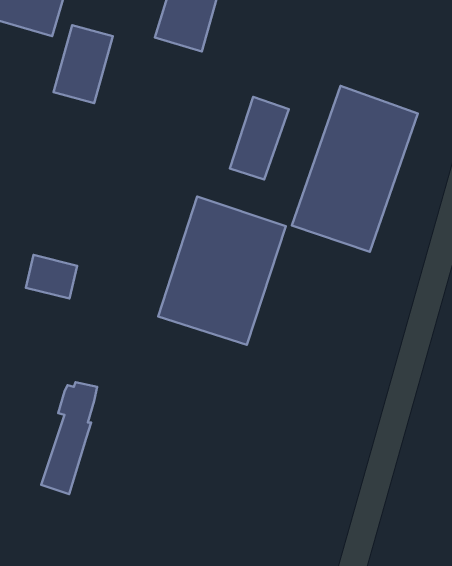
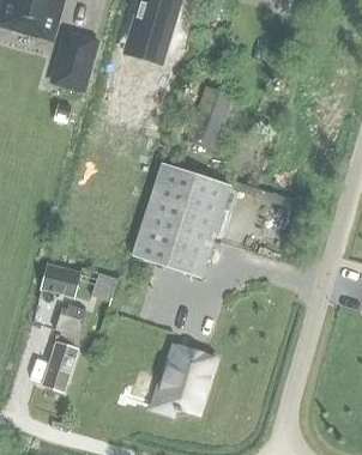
building: [292,86,418,252] -> none
building: [26,255,77,299] -> [41,263,80,297]
building: none -> [153,345,217,413]

